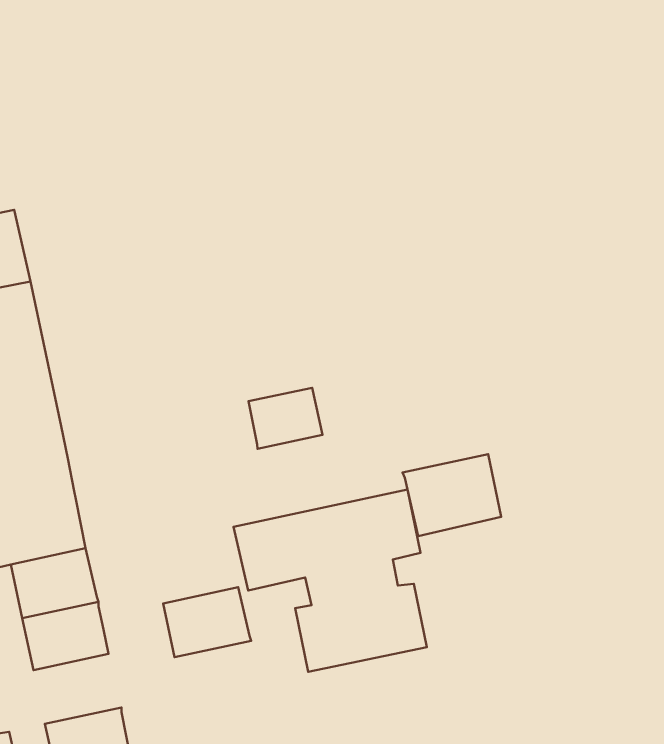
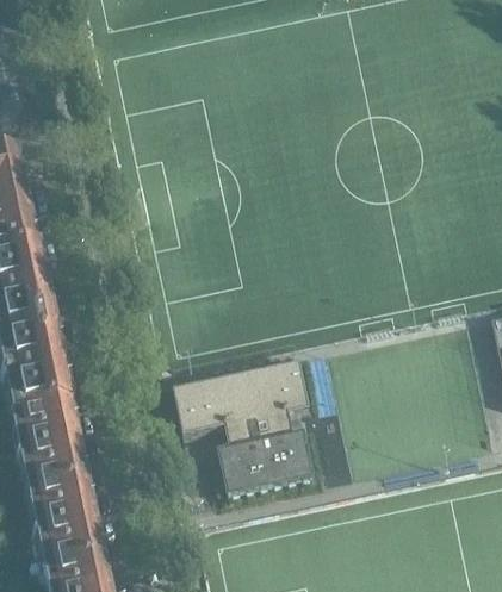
building: [249,388,322,449] -> none
building: [403,454,501,536] -> none
building: [163,587,251,657] -> [29,481,93,532]

